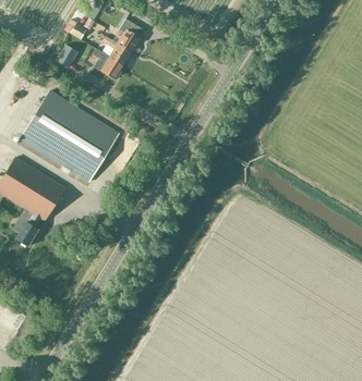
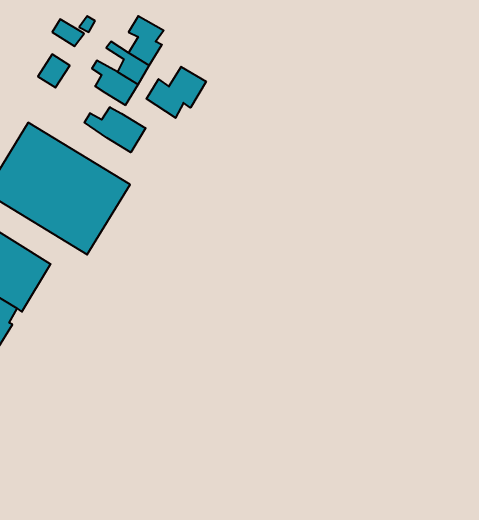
building: none -> [146,67,206,118]
building: none -> [84,107,146,152]

